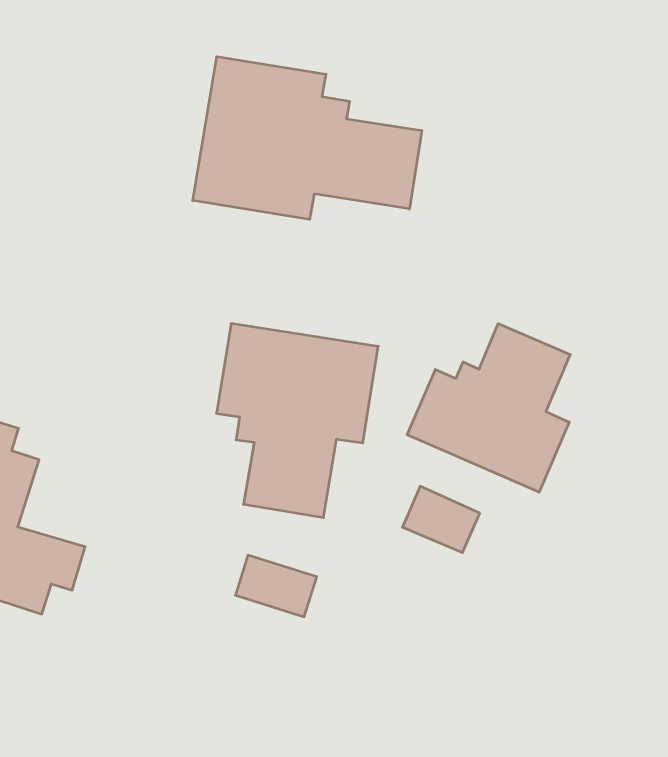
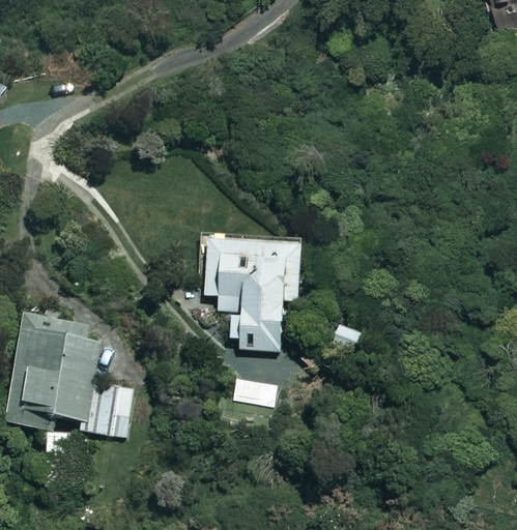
building: [193,57,422,219] -> none
building: [407,324,570,492] -> none

